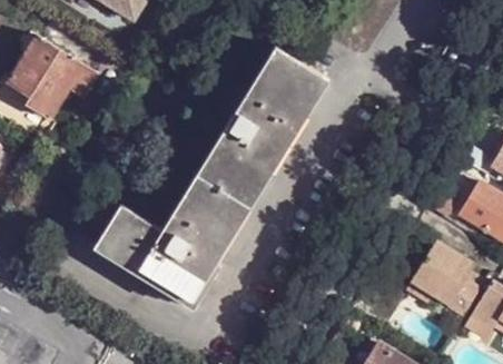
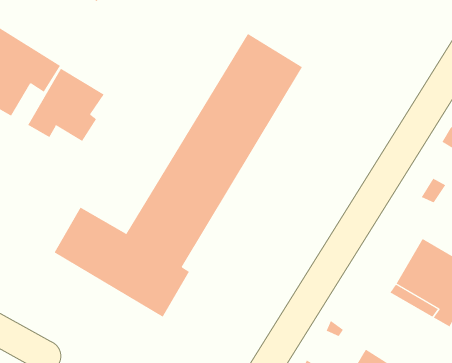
building: none -> [27,68,105,142]

